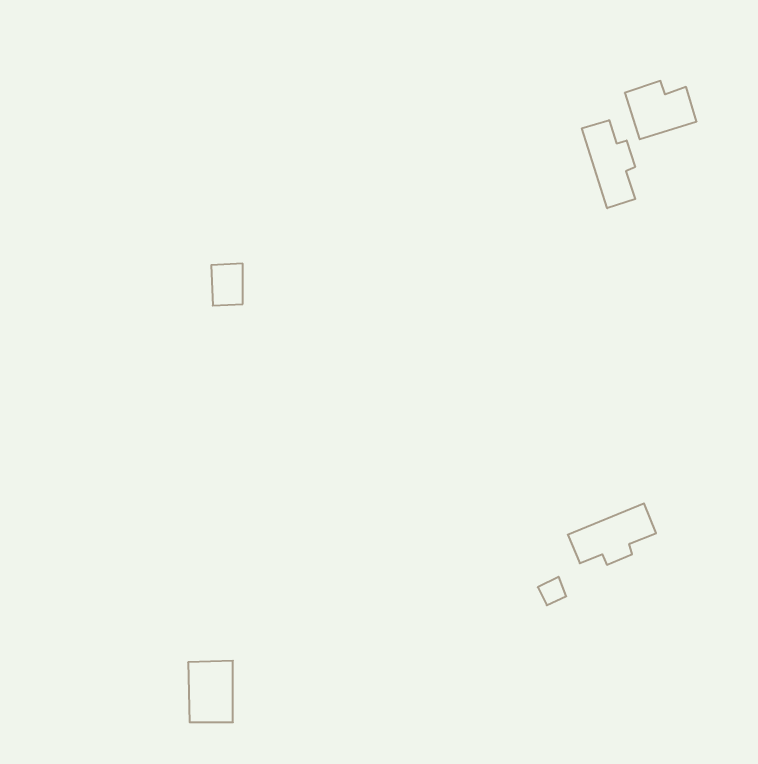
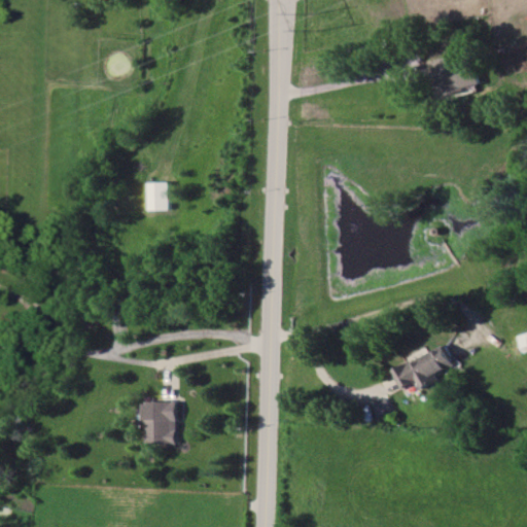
building: [582,120,635,208] -> none
building: [188,661,233,722] -> [144,401,175,444]

